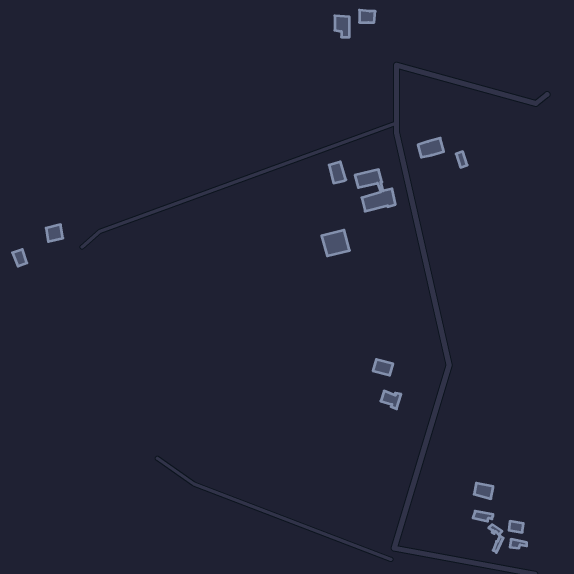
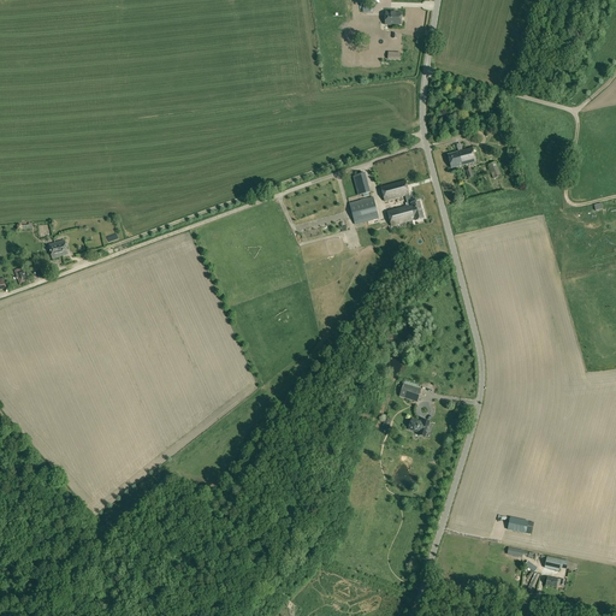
building: [322,230,350,256] -> [349,197,379,225]

